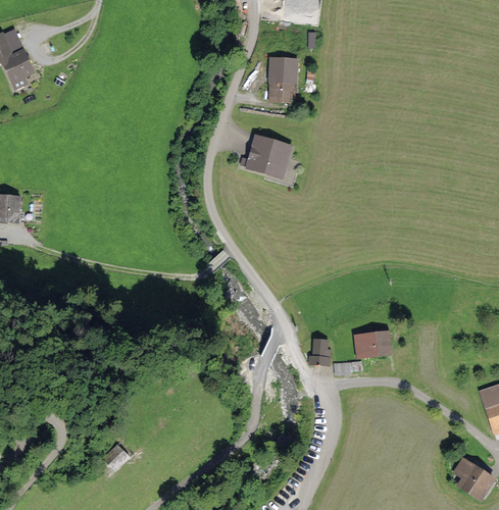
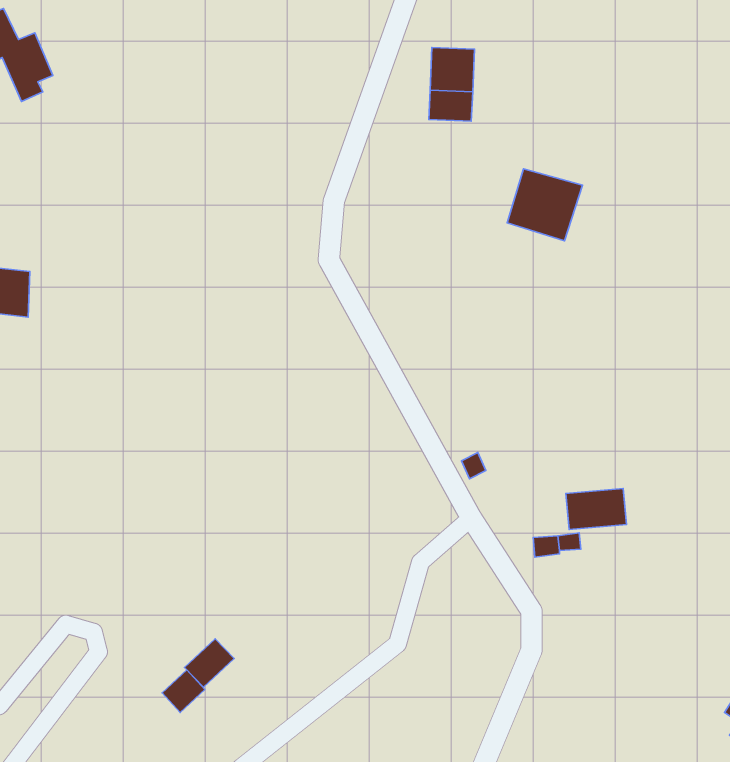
building: [246,135,293,180] -> [507,169,582,241]
building: [308,338,332,365] -> none
building: none -> [184,639,234,687]

